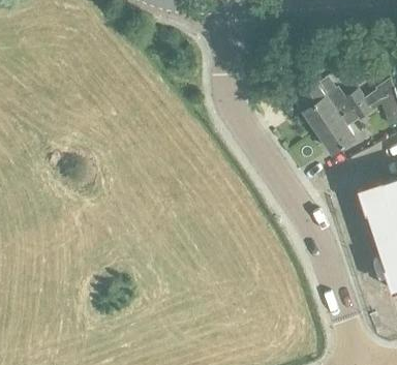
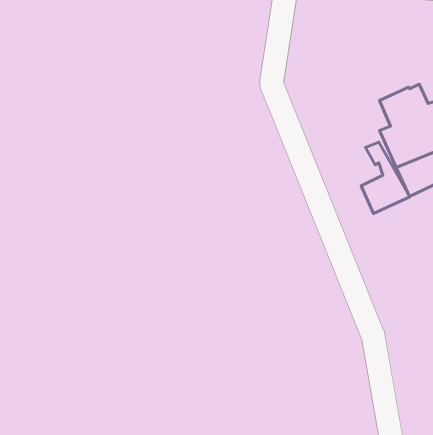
building: none -> [361,142,410,214]

